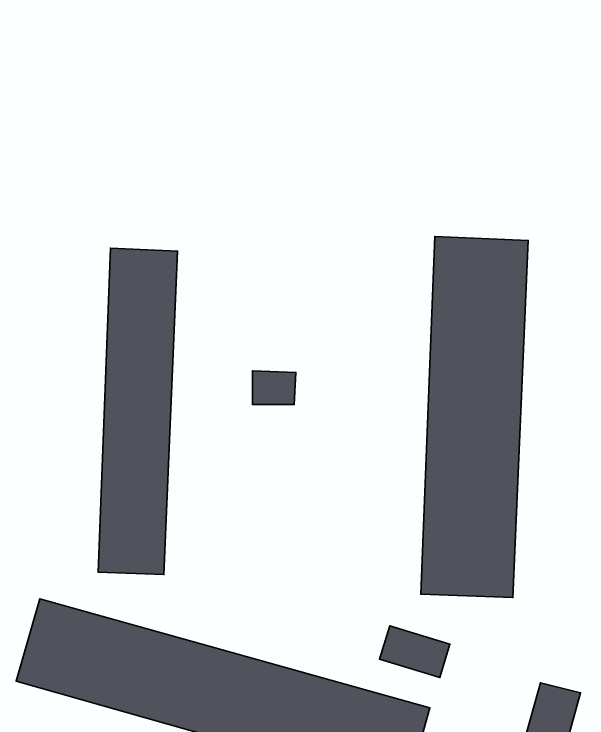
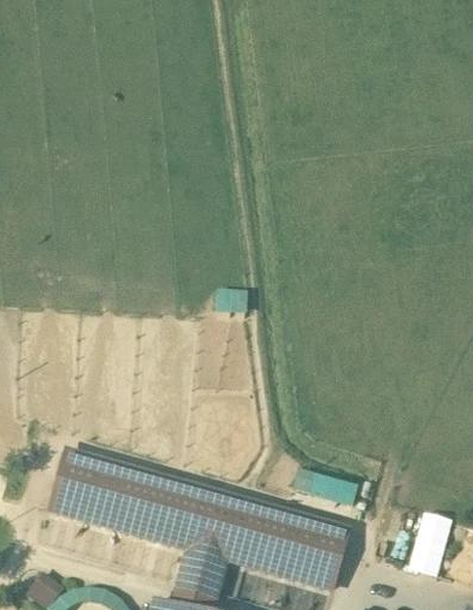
building: [421,237,528,597] -> none
building: [98,248,177,575] -> none

